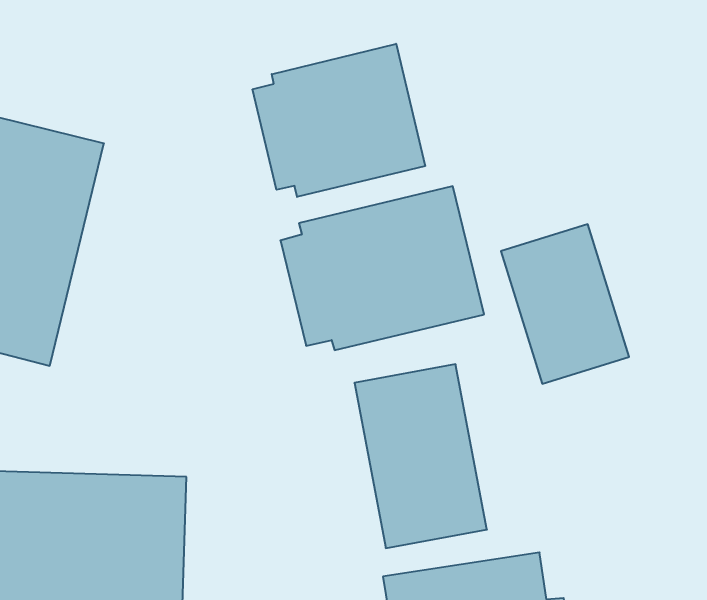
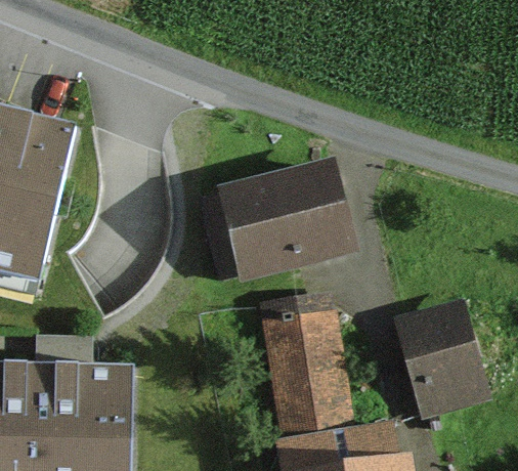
building: [253,44,425,197] -> none
building: [501,224,629,384] -> [395,298,487,413]

